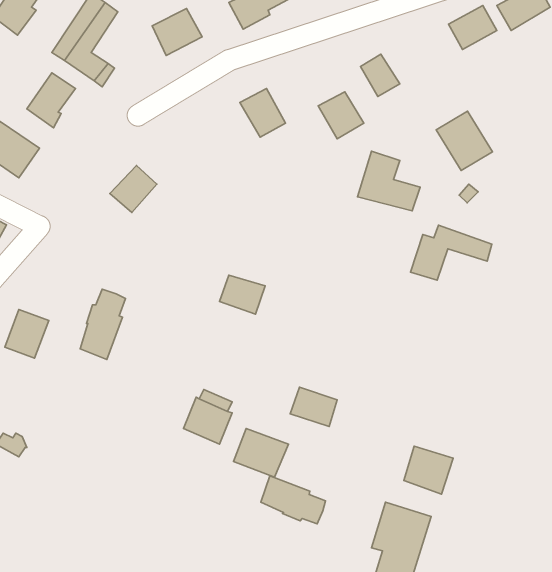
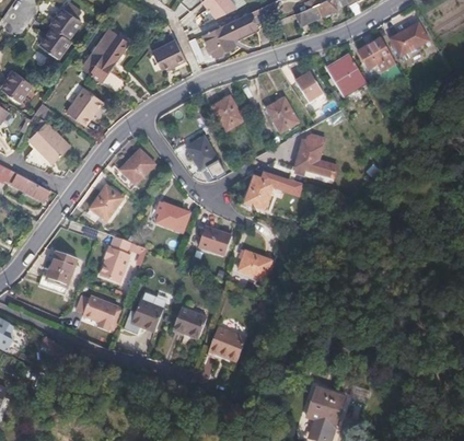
building: [436,111,493,171] -> [326,55,366,96]
building: none -> [187,137,224,181]
building: none -> [91,186,124,219]
building: [410,225,492,280] -> [245,171,302,209]
building: none -> [156,201,190,232]
building: none -> [73,294,117,332]
building: none -> [130,302,163,333]
building: [290,387,337,426] -> [237,252,270,279]
building: [404,446,453,494] -> none
building: [261,476,325,524] -> none

